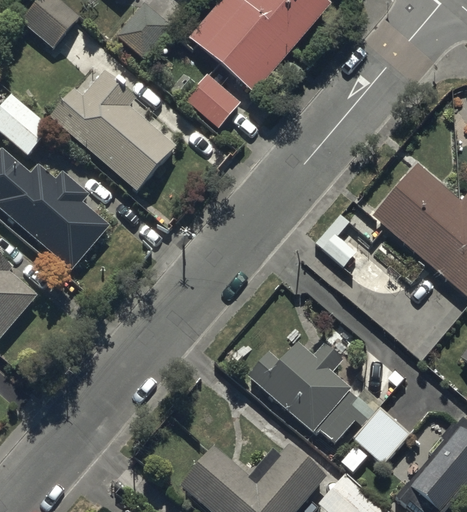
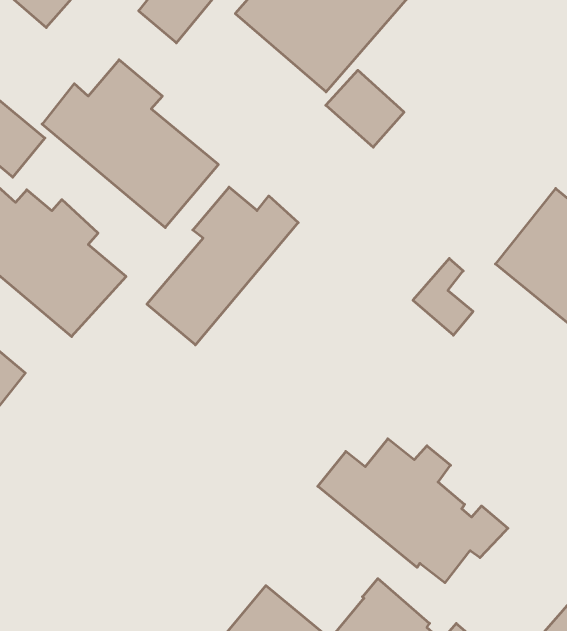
building: [183,73,239,128] -> [326,70,404,147]
building: none -> [147,187,298,345]
building: [352,408,409,463] -> none

